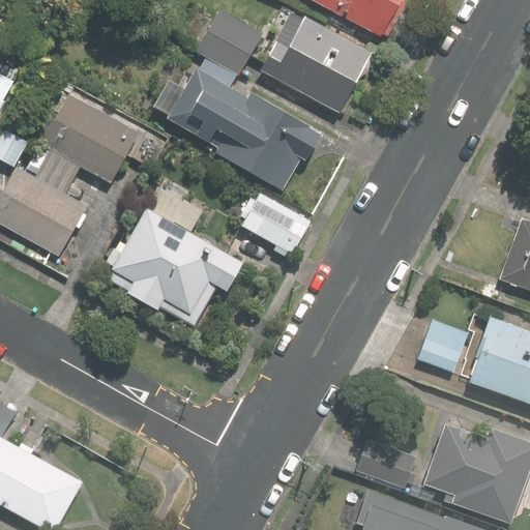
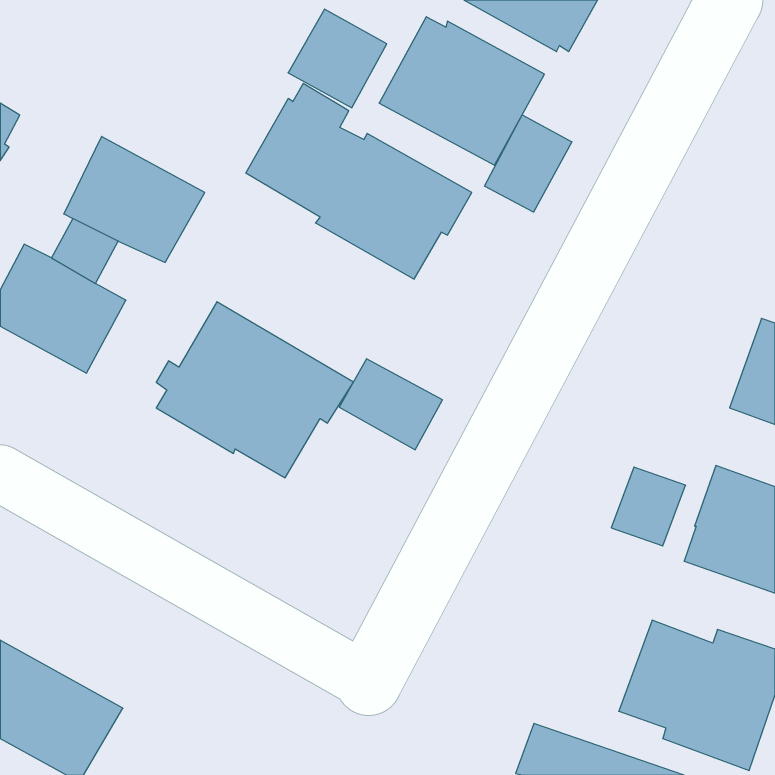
building: none -> [485,115,572,212]
building: [238,190,308,253] -> [339,359,442,450]
building: [355,438,417,489] -> none

